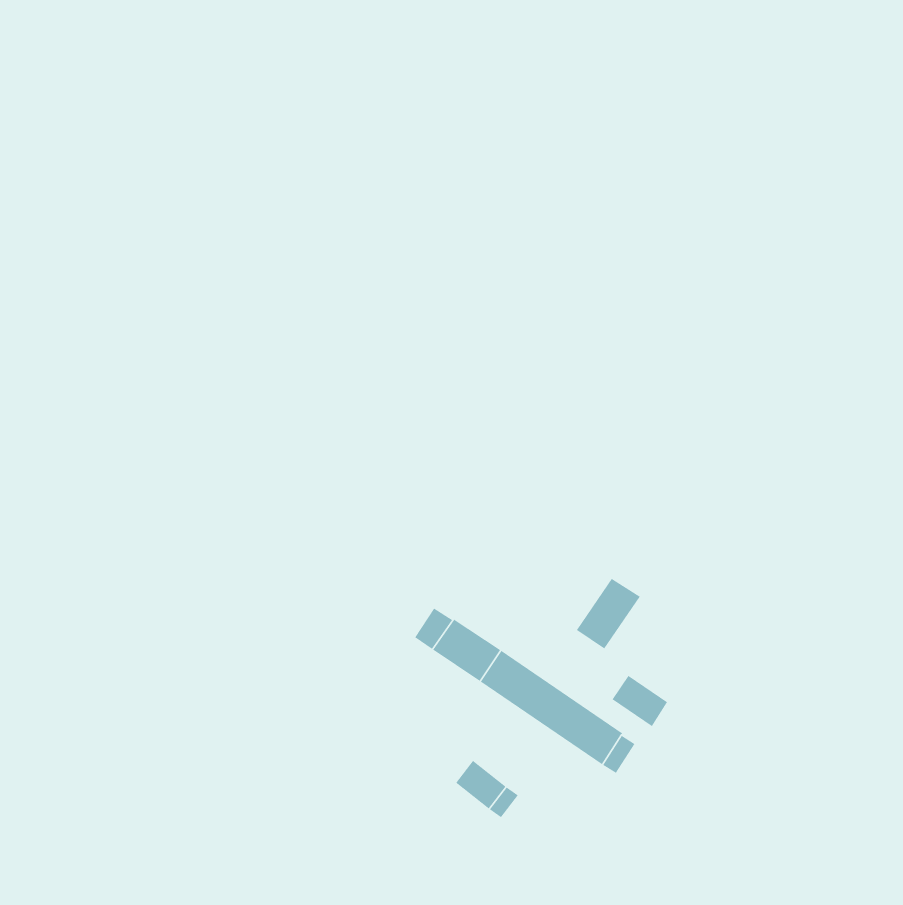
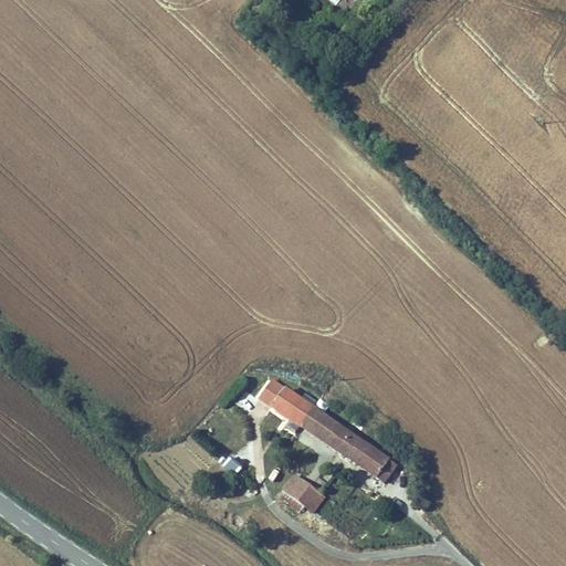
building: [576,577,641,650] -> none
building: [611,675,669,727] -> none

